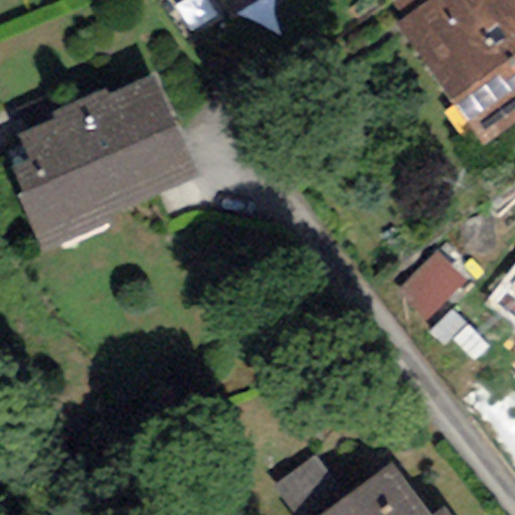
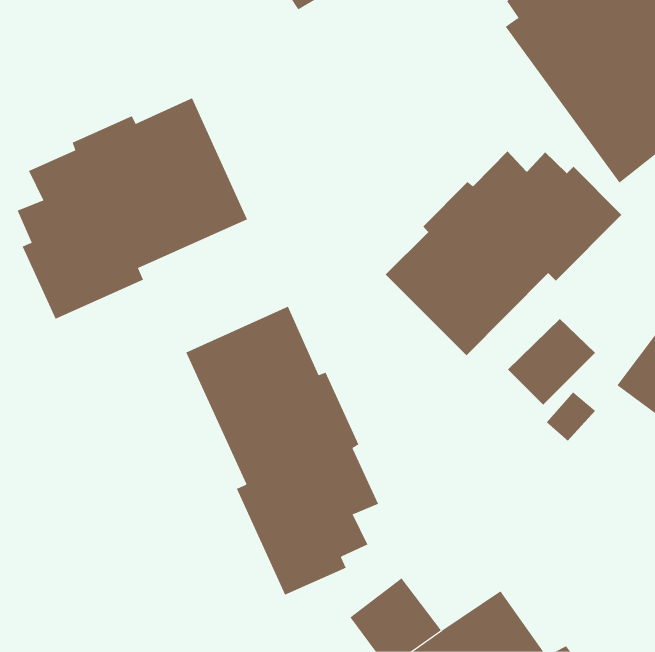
building: none -> [385,151,622,356]
building: none -> [186,306,379,596]

